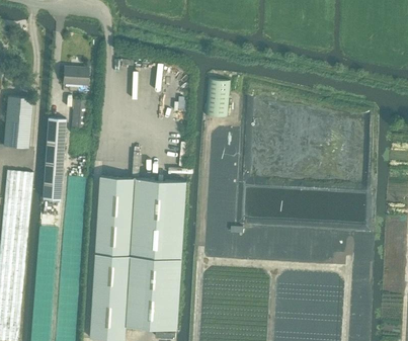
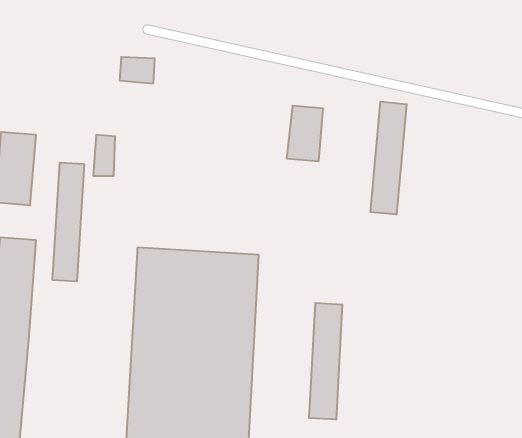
building: [62,68,86,86] -> [120,57,155,83]
building: none -> [370,102,407,215]
building: none -> [309,303,342,420]

